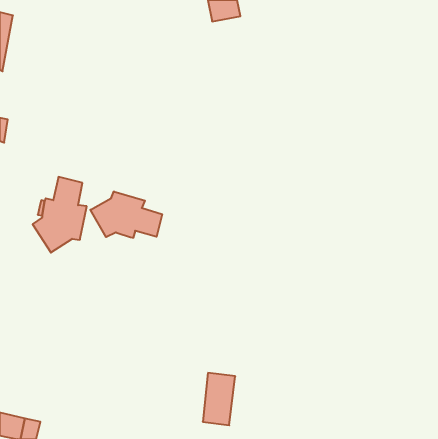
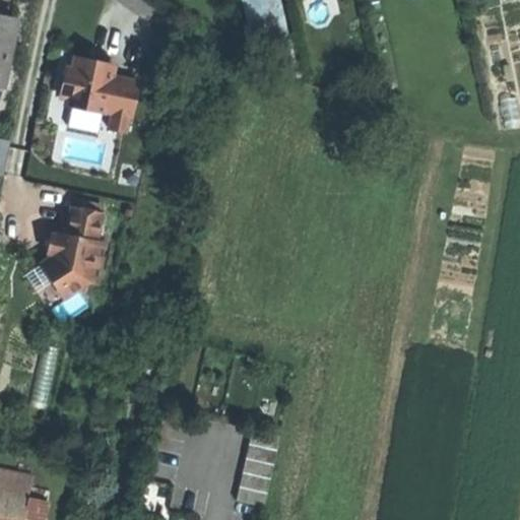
building: none -> [59,57,137,133]
building: [90,191,162,238] -> none

